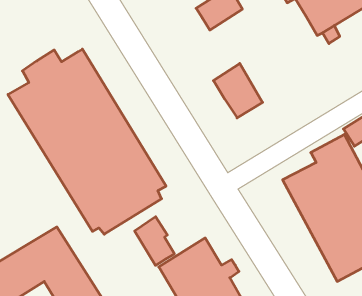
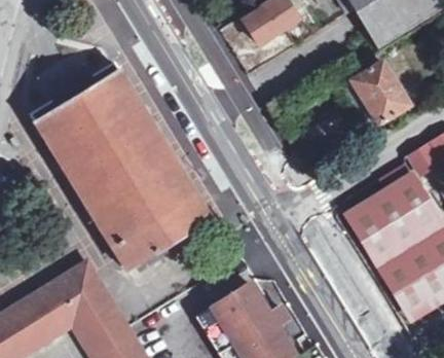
building: [213,63,263,118] -> [353,59,408,120]
building: [135,217,174,265] -> none

